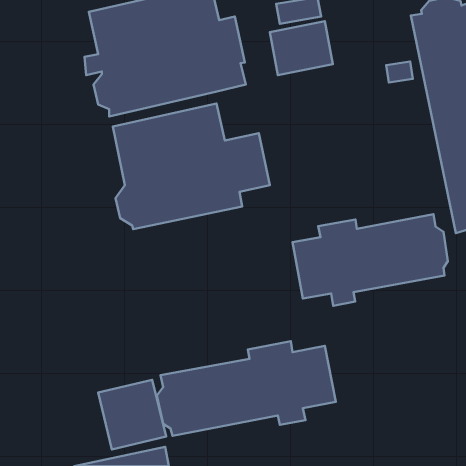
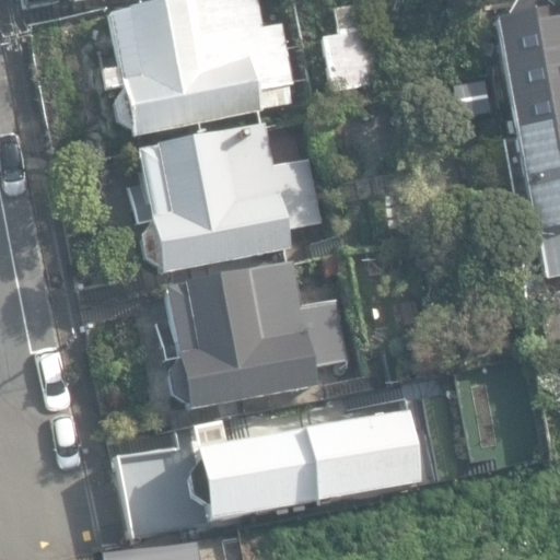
building: [293,214,448,306] -> none
building: none -> [164,264,349,410]

